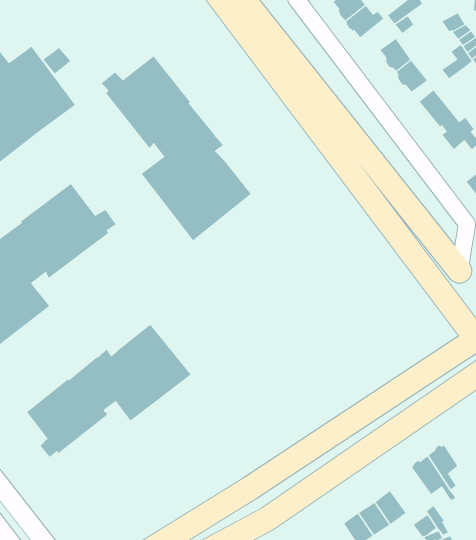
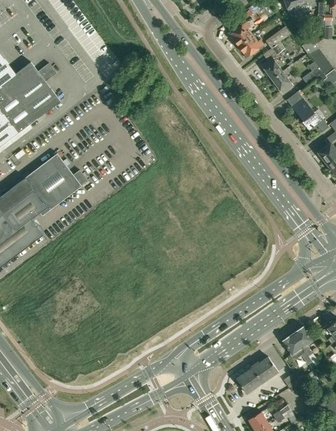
building: [101,56,251,241] -> none
building: [26,324,191,458] -> none

